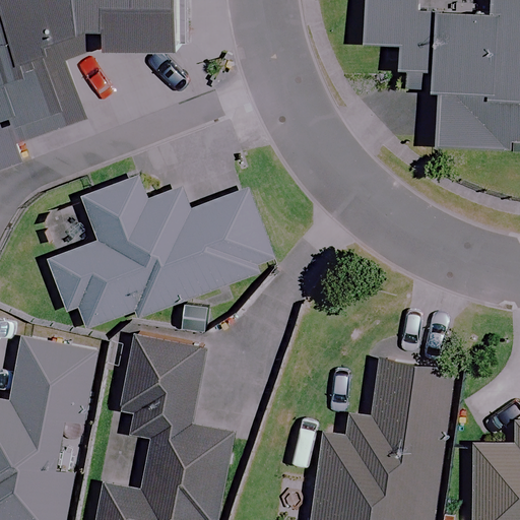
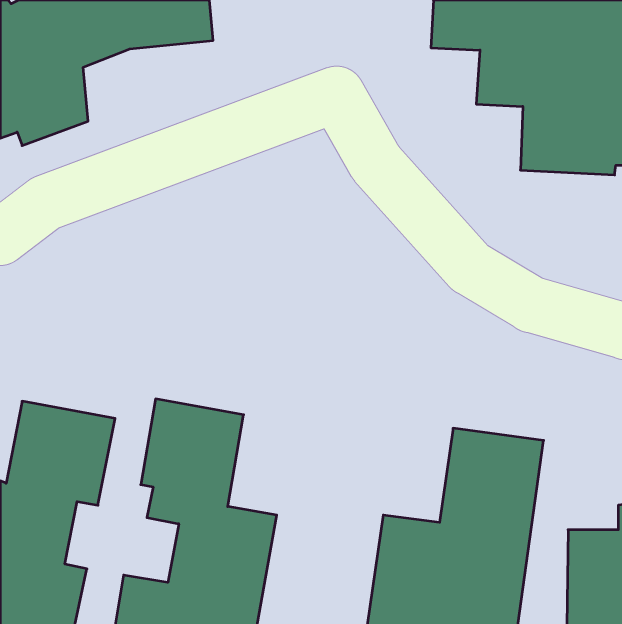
building: [46,172,269,328] -> none

